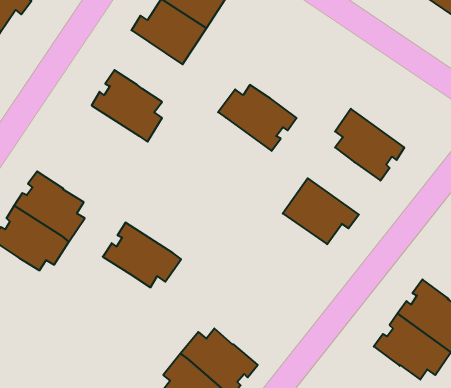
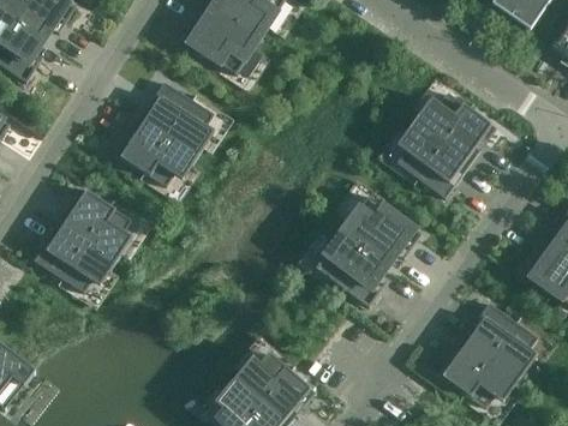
building: [218,85,297,151] -> [413,91,496,161]
building: none -> [316,230,388,305]
building: [103,223,181,287] -> [115,116,198,185]

